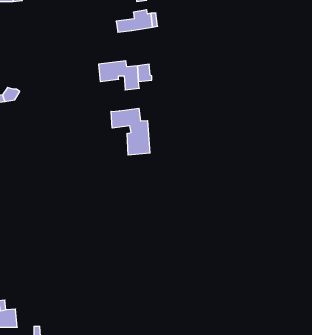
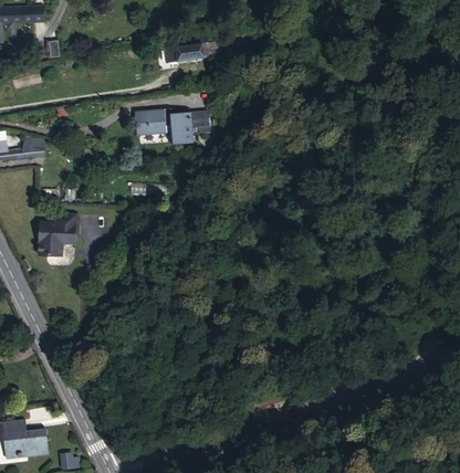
building: [111,108,150,155] -> none
building: none -> [38,217,75,257]

